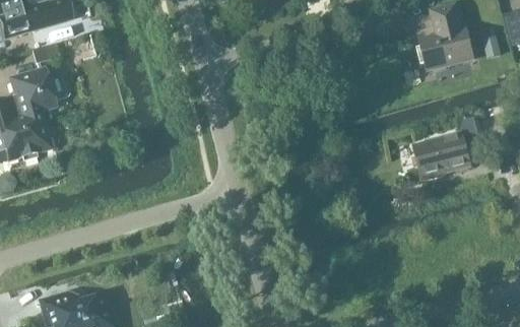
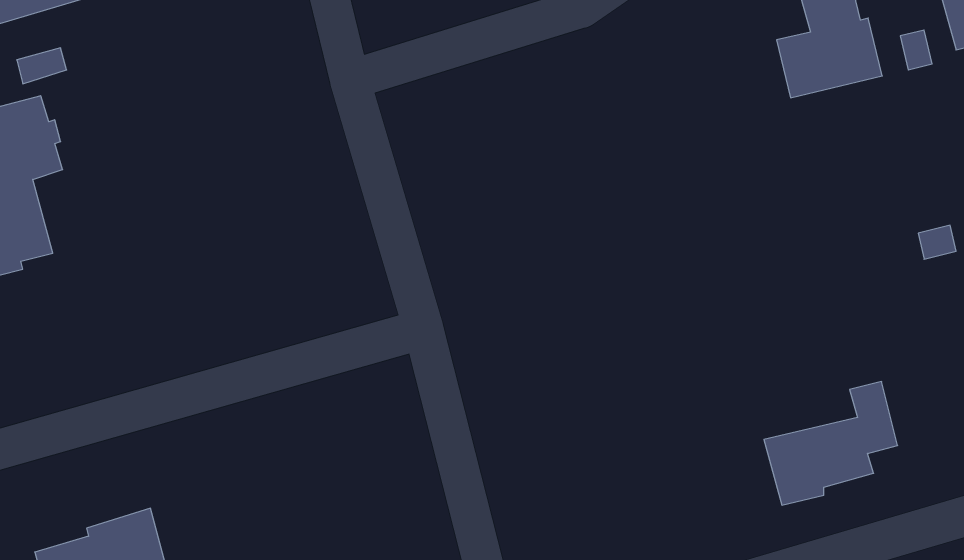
building: [412,117,480,180] -> [764,382,898,505]

